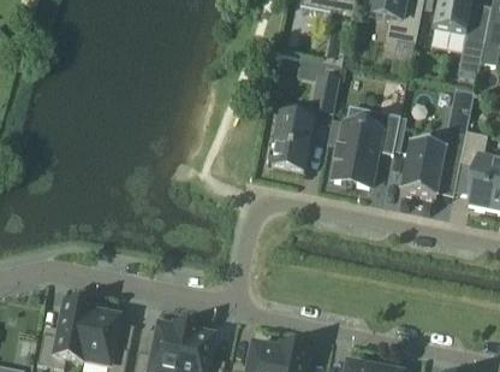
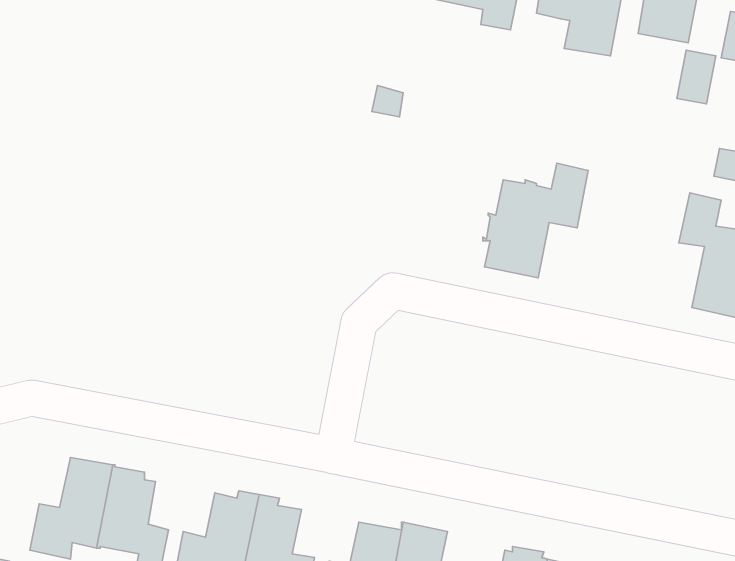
building: [312,71,339,108] -> none
building: [401,88,475,196] -> none
building: [267,111,315,170] -> none

